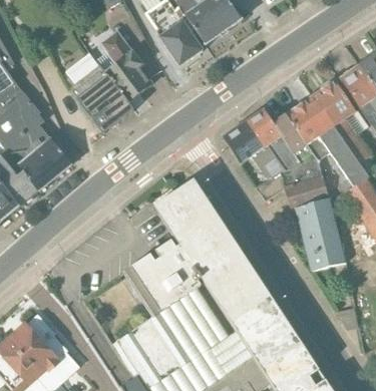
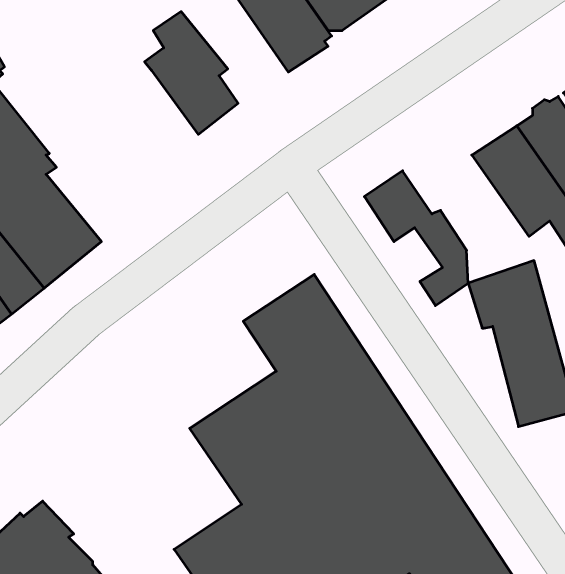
building: [69,64,133,133] -> none
building: [246,109,322,187] -> none

